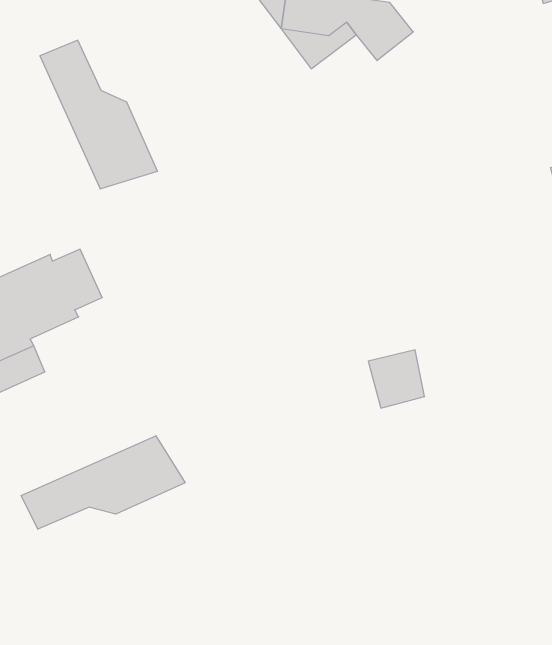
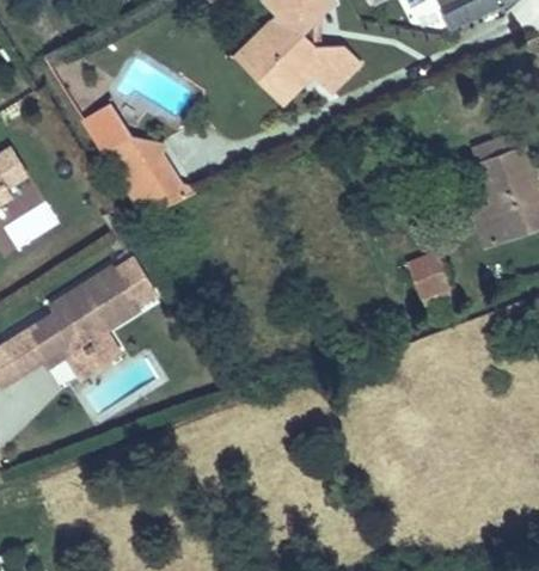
building: [368,350,425,408] -> [406,252,452,299]
building: [21,436,185,529] -> none

